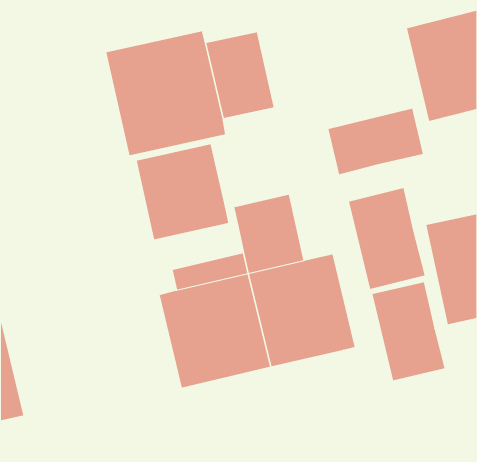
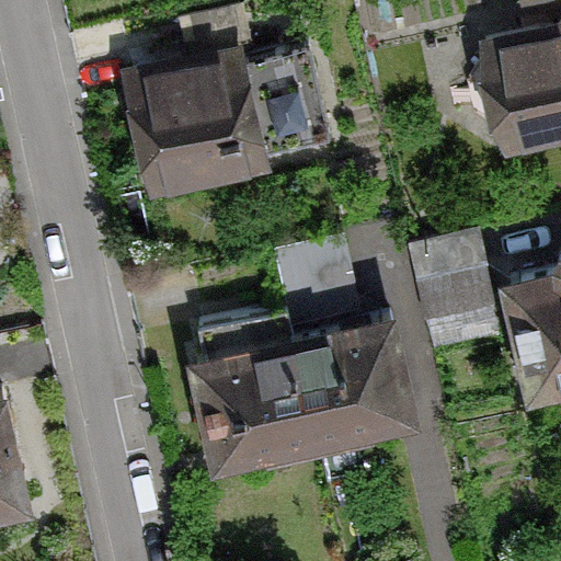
building: [328,108,423,175] -> none
building: [136,144,229,240] -> none
building: [372,281,445,381] -> none

